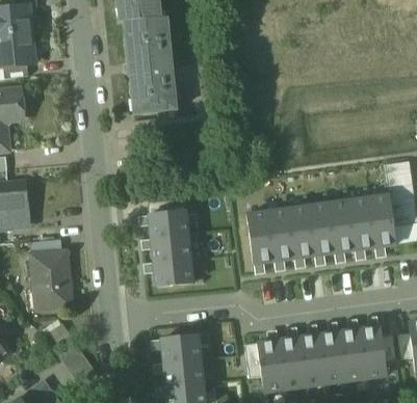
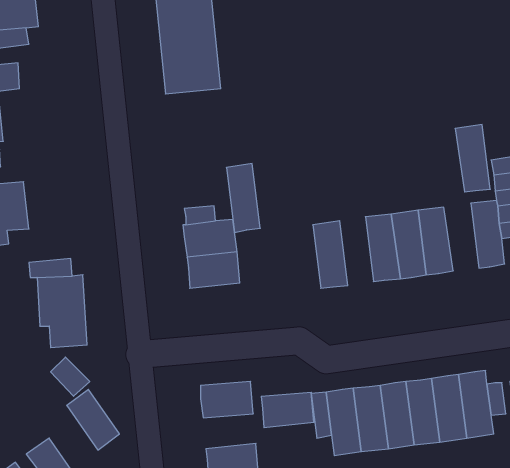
building: [347,197,374,249] -> [455,125,490,192]
building: [267,208,293,261] -> [226,164,260,232]
building: [152,259,193,287] -> none
building: [162,359,203,386] -> [261,392,314,428]

